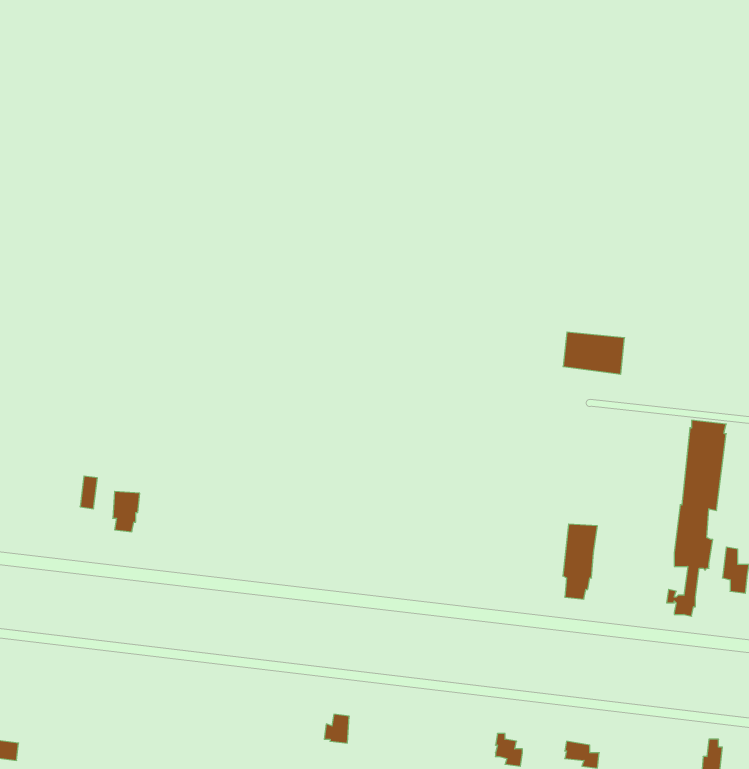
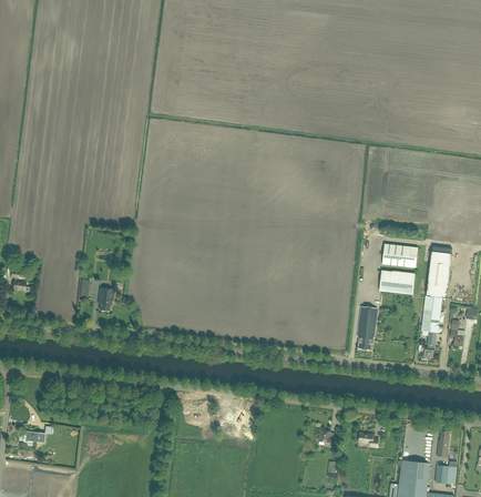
building: [563,332,625,374] -> [381,244,417,268]
building: none -> [379,271,415,295]

